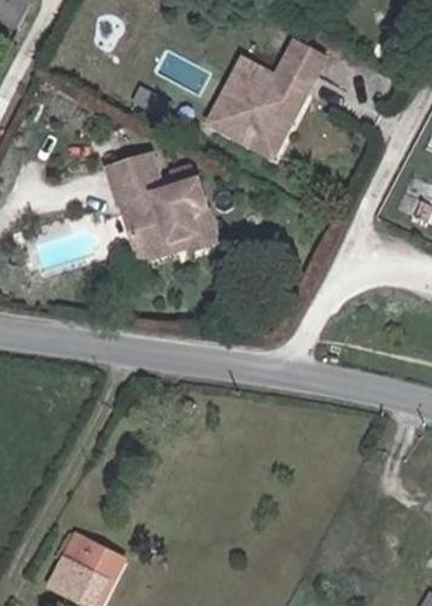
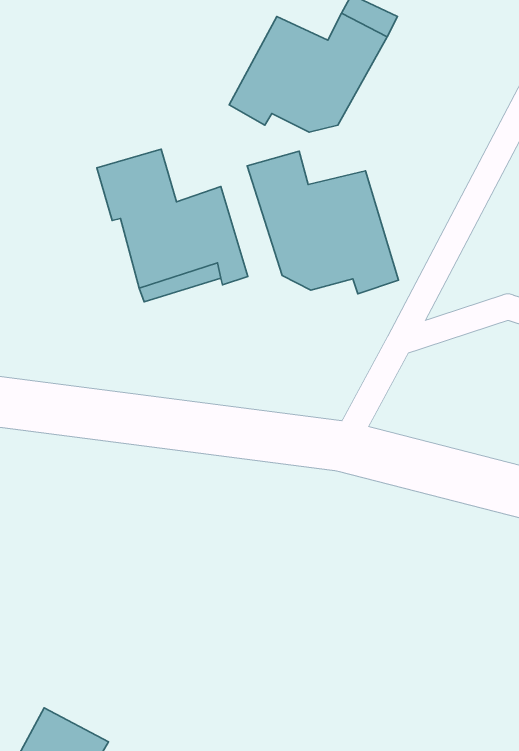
building: none -> [247,151,398,294]

